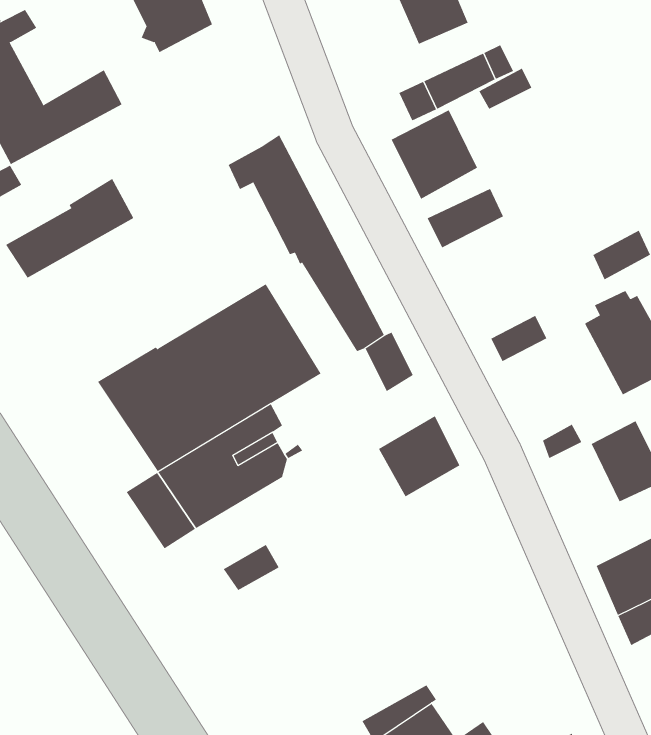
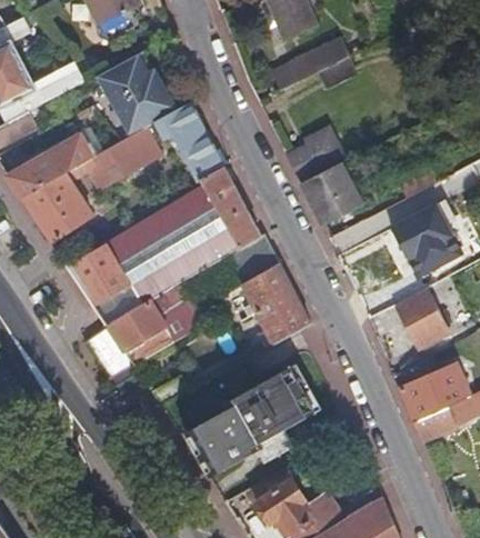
building: none -> [98,52,178,134]
building: [391,109,478,200] -> [302,163,360,223]
building: none -> [22,138,141,241]
building: none -> [181,187,241,260]
building: none -> [241,261,293,310]
building: none -> [190,363,314,471]

